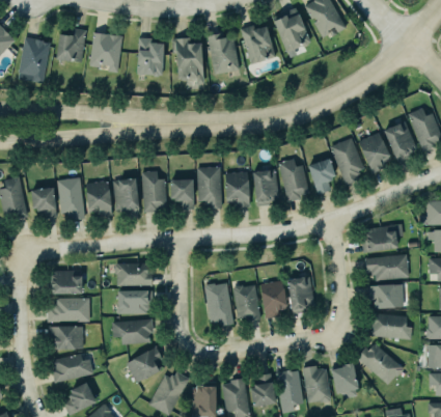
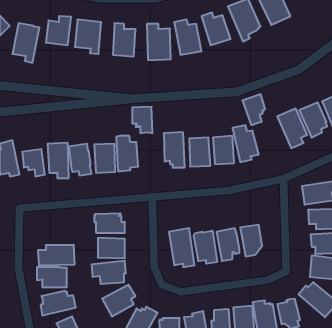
building: [306,157,333,193] -> [242,94,265,125]
building: [169,177,193,208] -> [132,107,153,133]
building: [49,271,83,295] -> none

